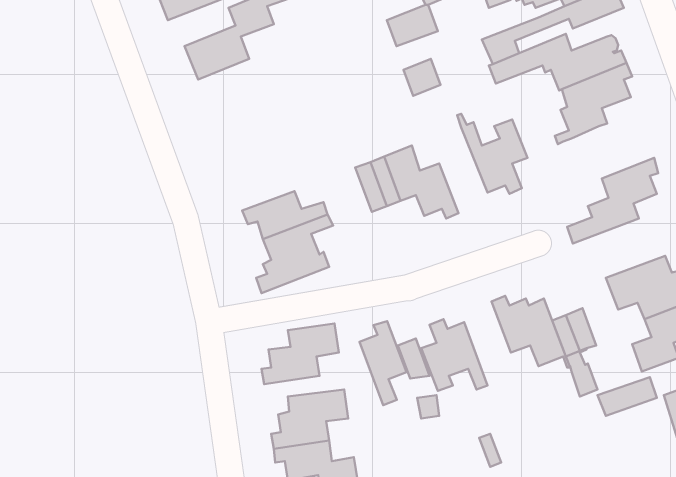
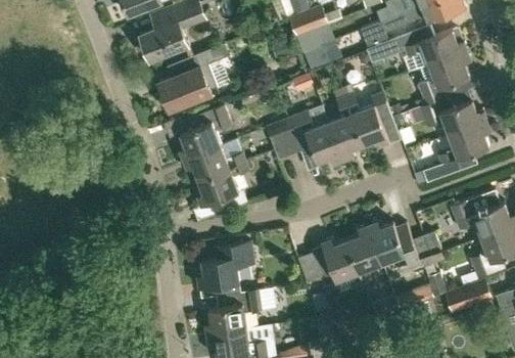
building: none -> [157,43,230,109]
building: none -> [328,87,364,160]
building: none -> [394,95,487,134]
building: none -> [179,105,232,158]
building: [360,321,406,405] -> [346,225,381,287]

